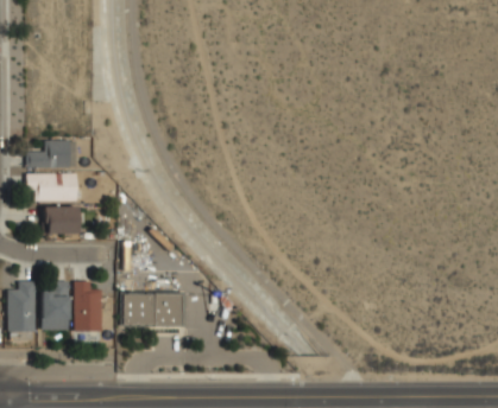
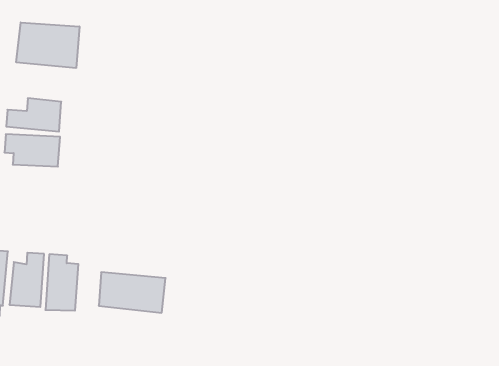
building: none -> [16,22,79,68]
building: [44,206,77,234] -> none

